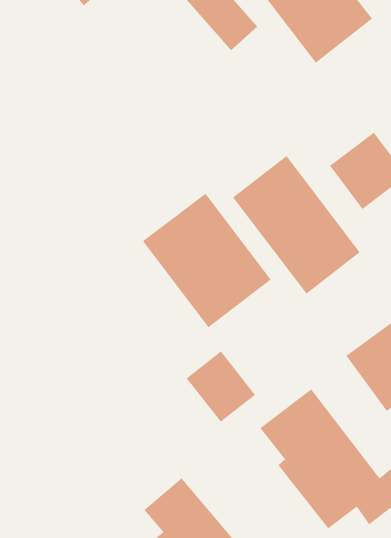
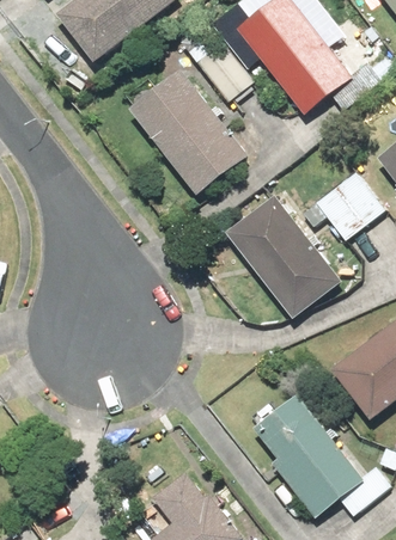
building: none -> [118,73,246,192]
building: [142,193,272,328] -> none
building: [186,351,256,423] -> none

